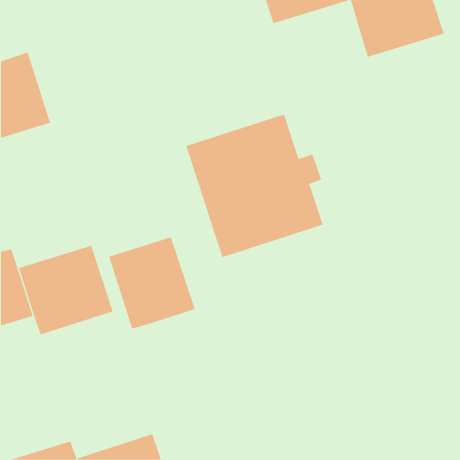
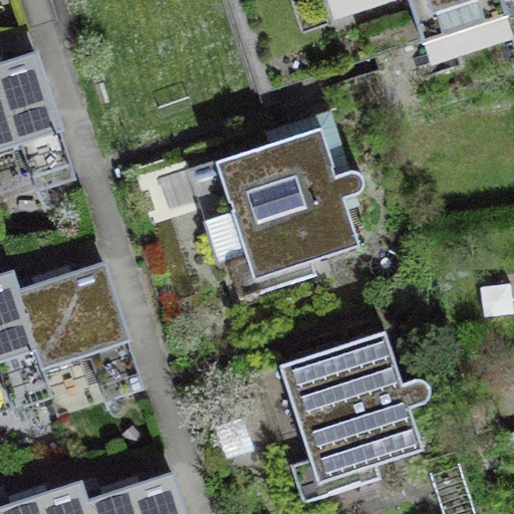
building: [108,236,195,330] -> none
building: none -> [272,333,420,481]

